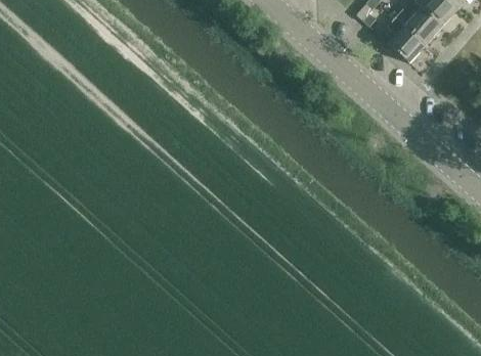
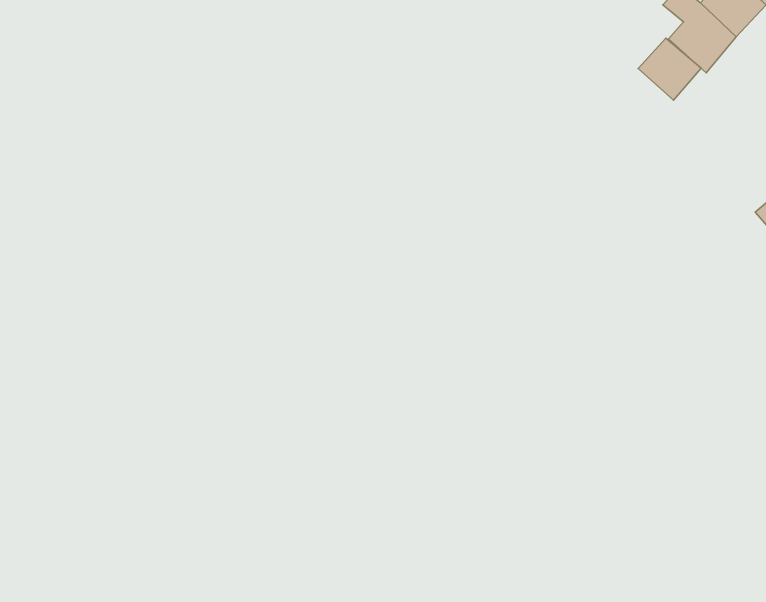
building: none -> [638,38,701,100]

